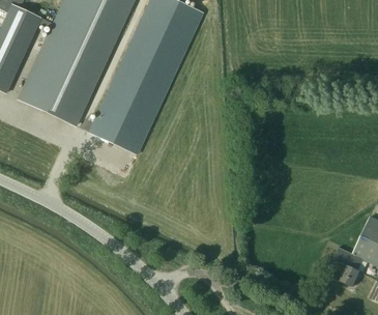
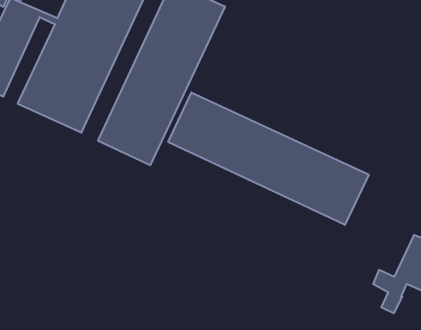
building: none -> [168,92,369,225]

